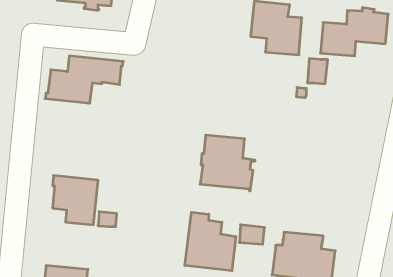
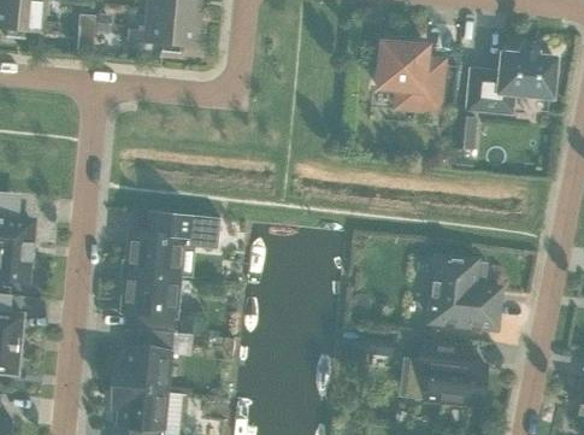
building: [45,56,123,103] -> [123,213,224,275]
building: [200,135,255,191] -> [431,258,502,330]
building: [185,212,236,271] -> none
building: none -> [113,329,175,390]

